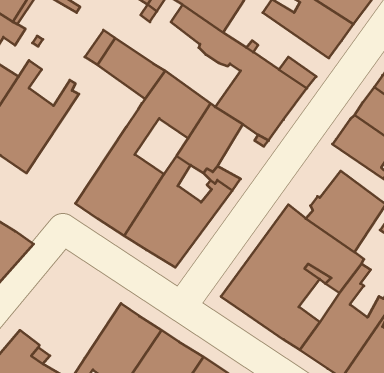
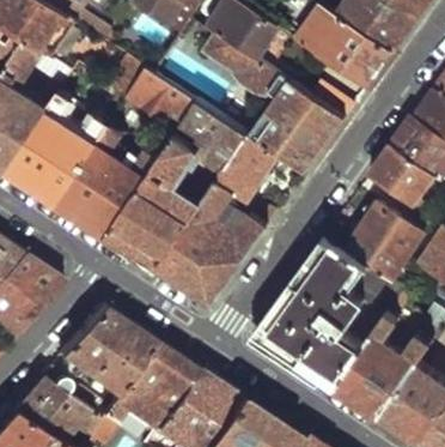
building: none -> [54,125,157,237]
building: none -> [55,307,151,397]

